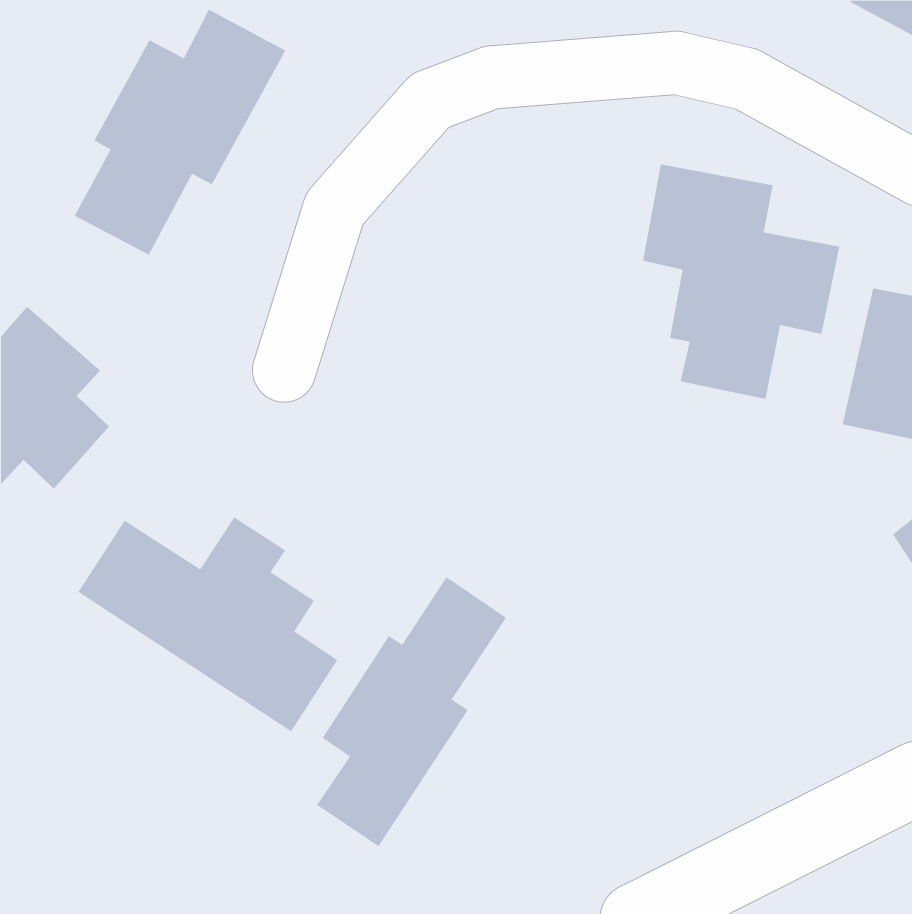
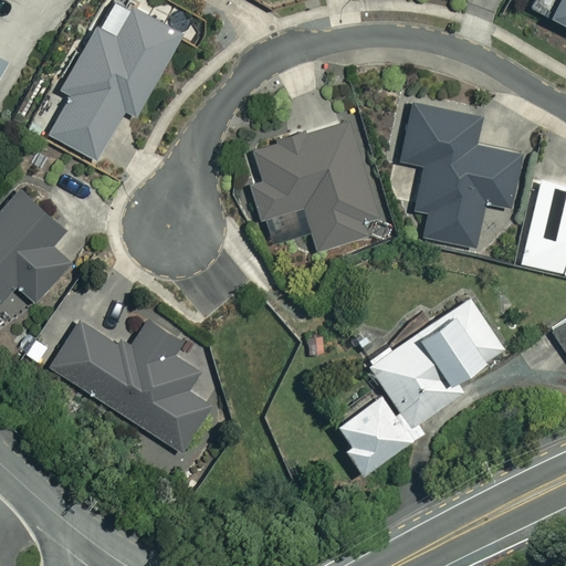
building: none -> [251,123,378,252]
building: none -> [331,297,504,474]
building: [316,576,507,847] -> none

